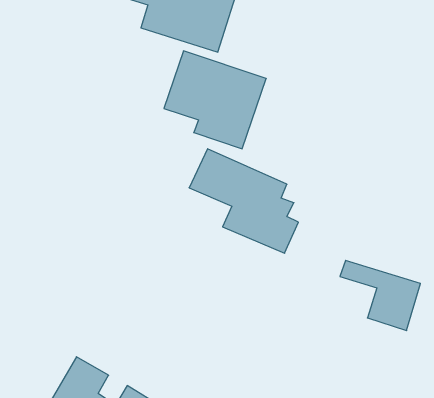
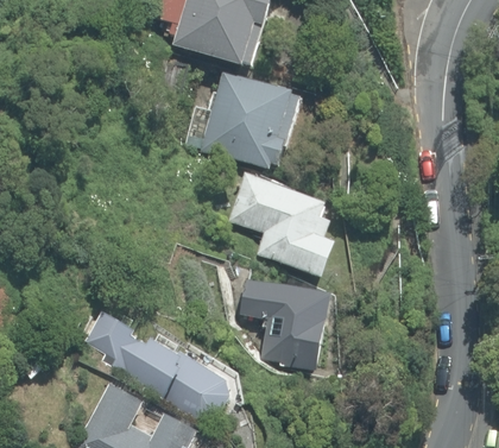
building: [340,260,420,331] -> [246,279,329,352]
building: none -> [84,310,230,414]

